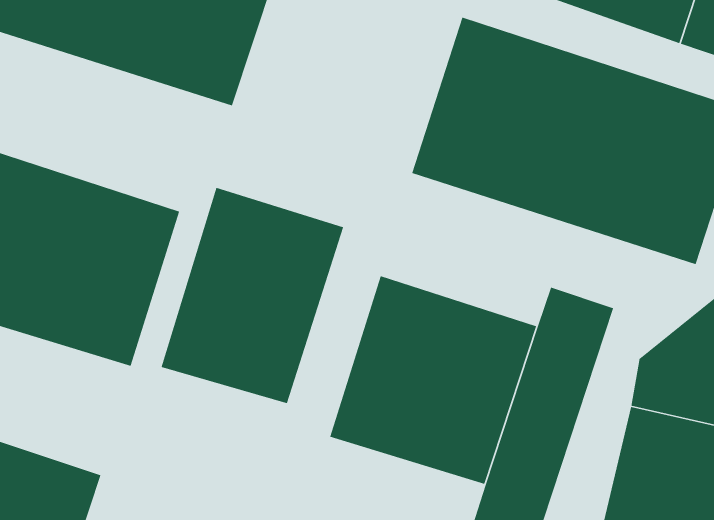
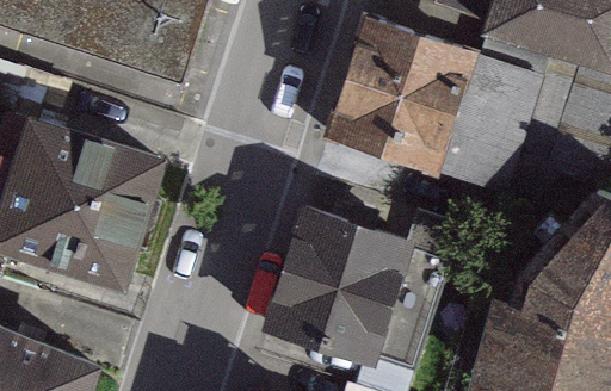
building: [160,187,344,404] -> none

